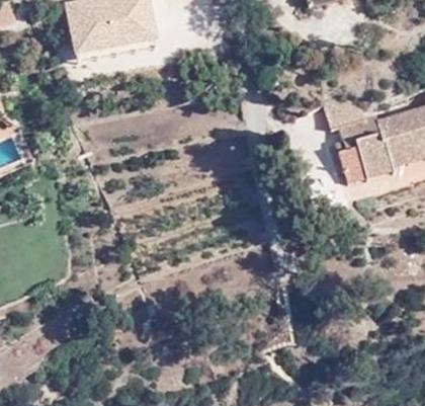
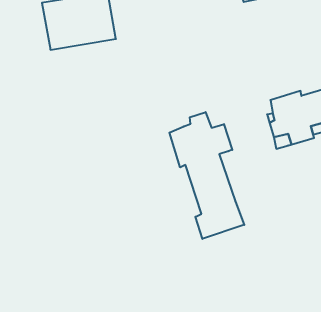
building: none -> [169,112,244,239]

